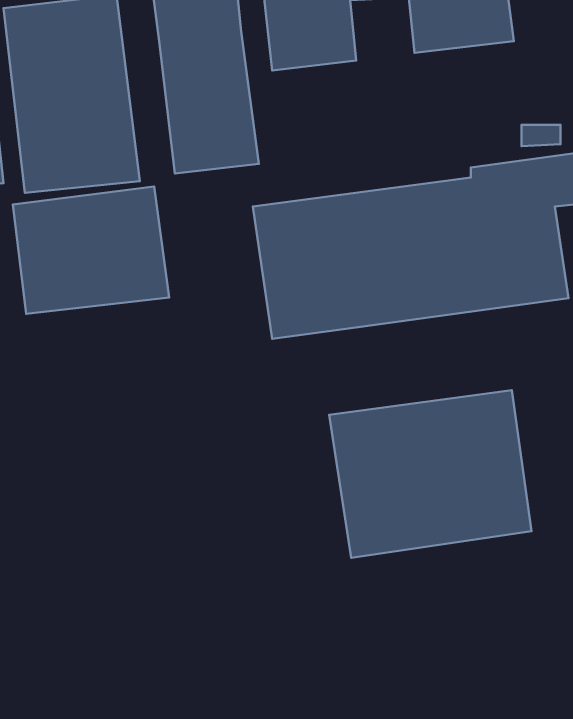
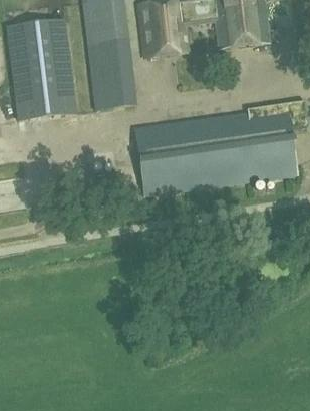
building: [13,187,169,314] -> none
building: [329,390,532,558] -> none

